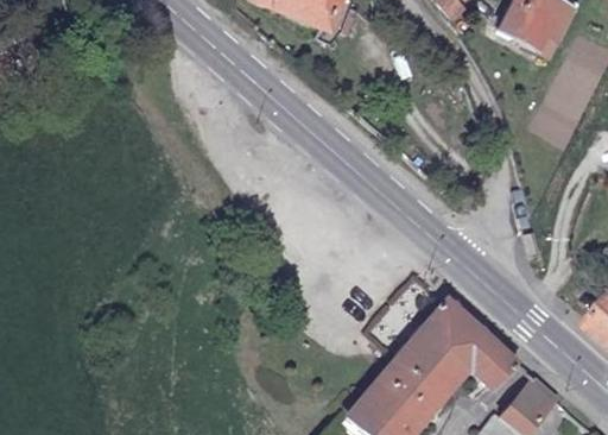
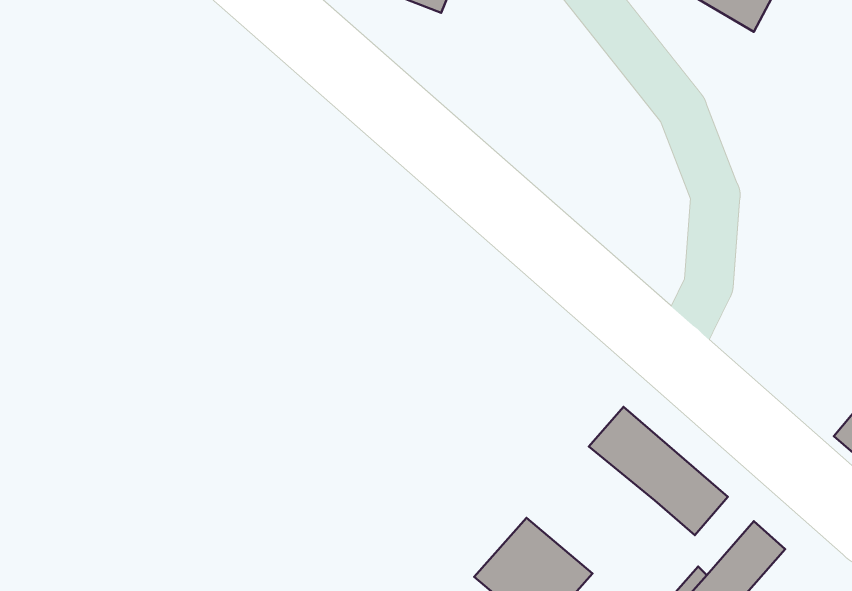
building: [382,326,470,412] -> none

